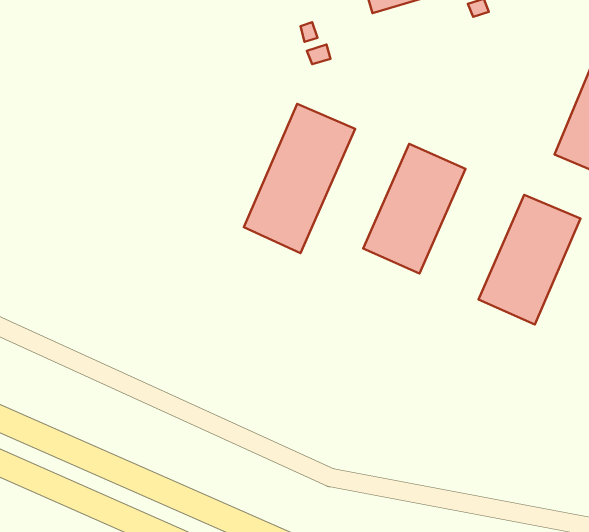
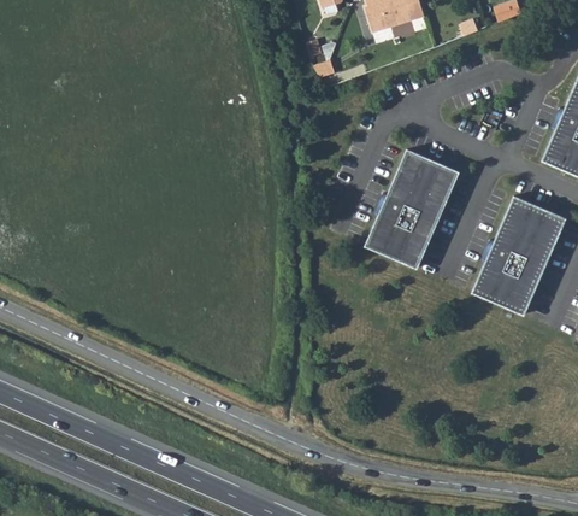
building: [244,104,355,253] -> none

